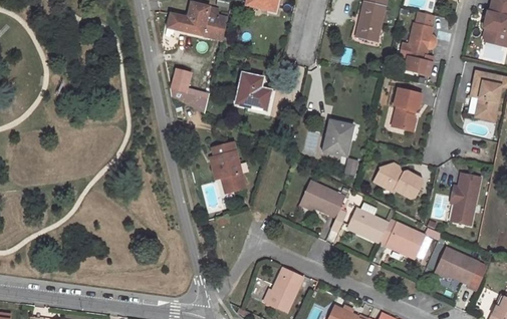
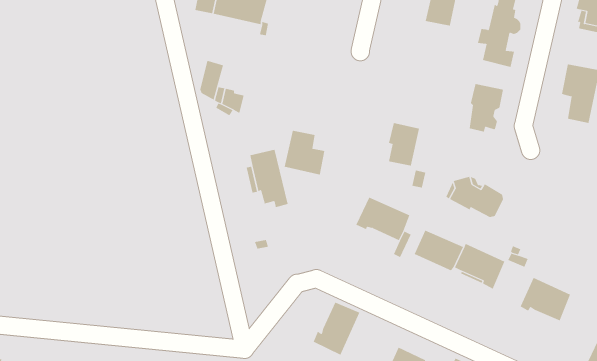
building: [236,72,270,109] -> [284,130,325,175]
building: [447,173,477,225] -> none

